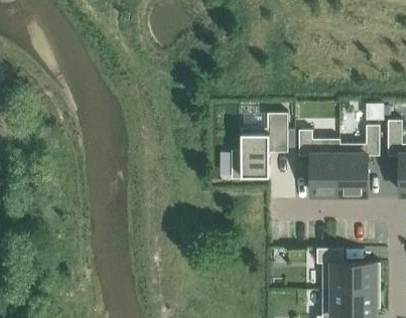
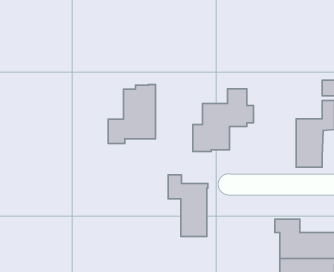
building: none -> [108,84,156,143]
building: [299,131,341,195] -> [168,175,208,236]

